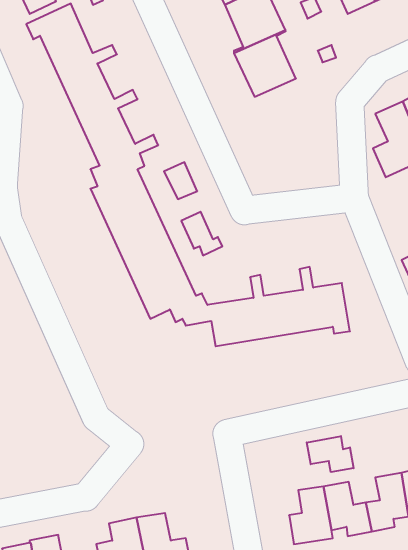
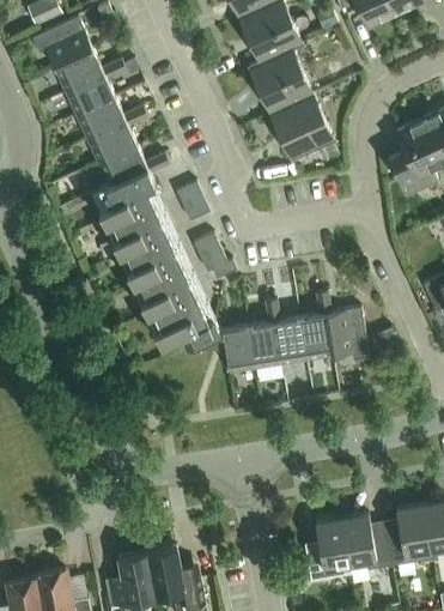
building: none -> [269,93,337,161]
building: [307,436,354,472] -> none

